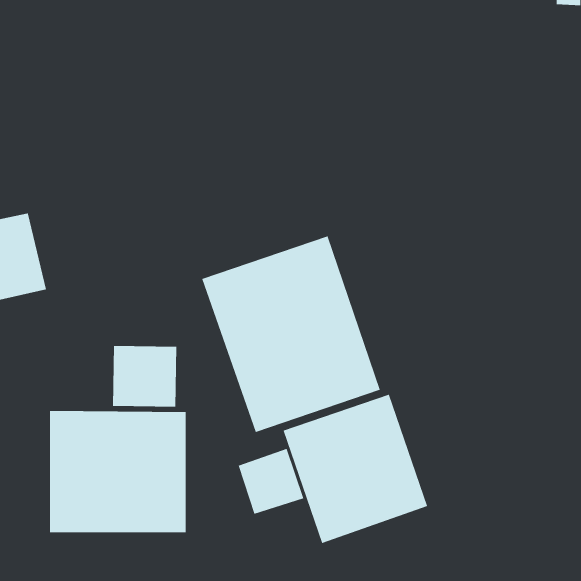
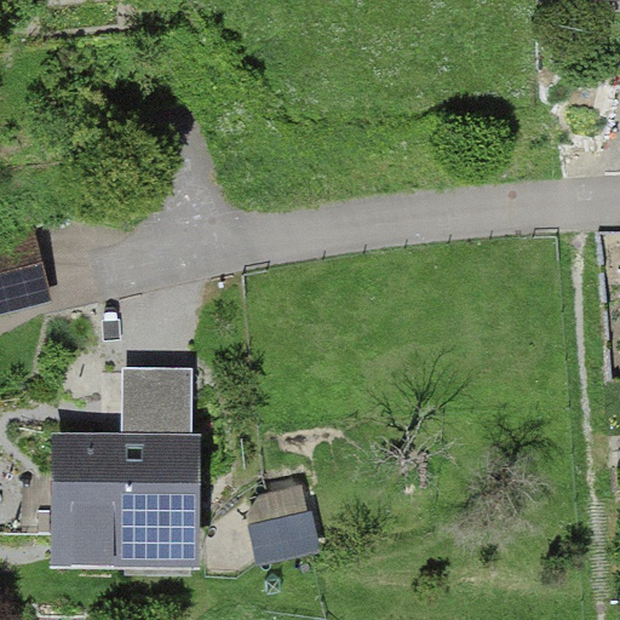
building: [202,236,380,433] -> none
building: [283,394,428,544] -> none

